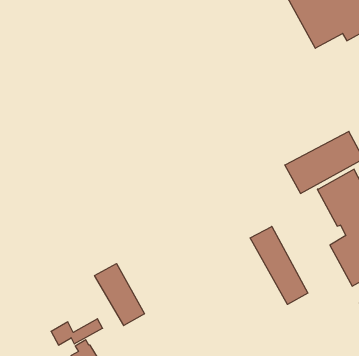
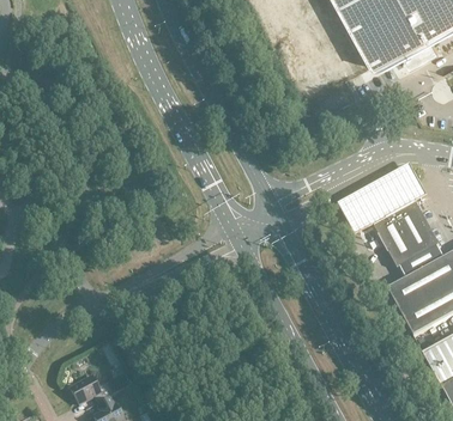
building: [250,226,308,304] -> none
building: [95,264,144,326] -> none

